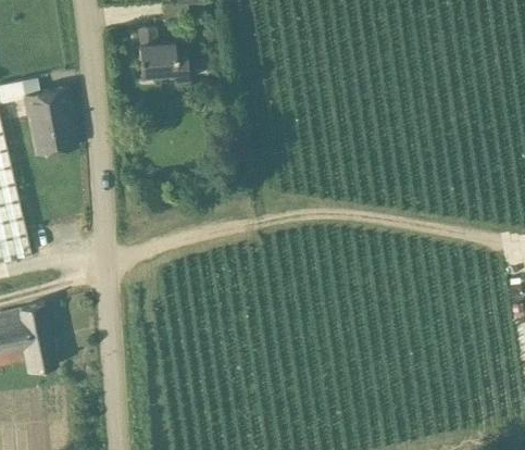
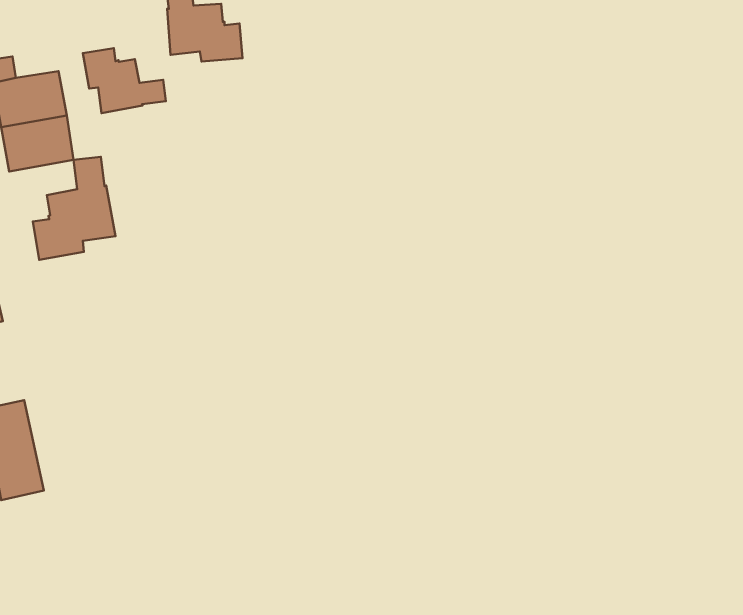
building: none -> [83,48,166,113]
building: none -> [33,157,116,260]

